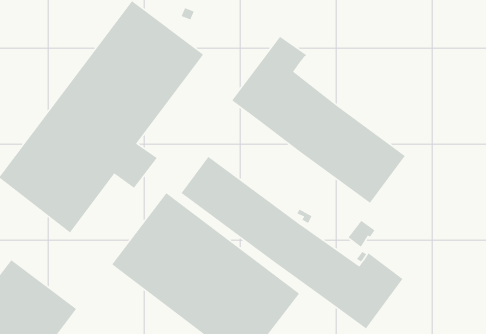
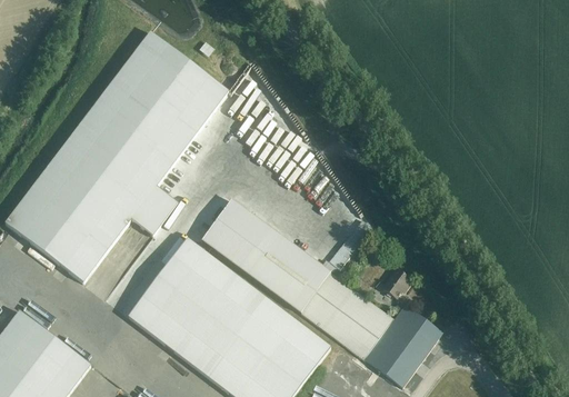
building: [231,36,406,204] -> none

